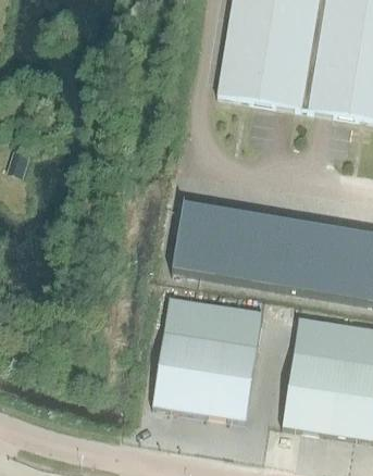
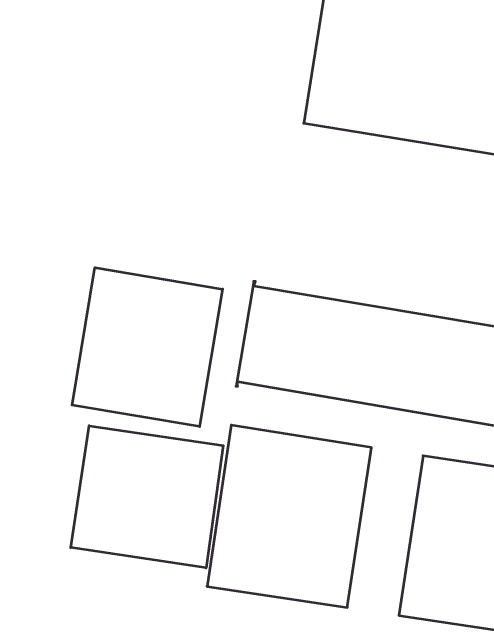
building: none -> [72,268,223,427]
building: none -> [71,426,223,568]

